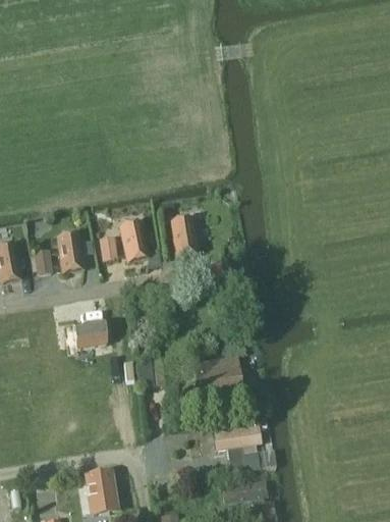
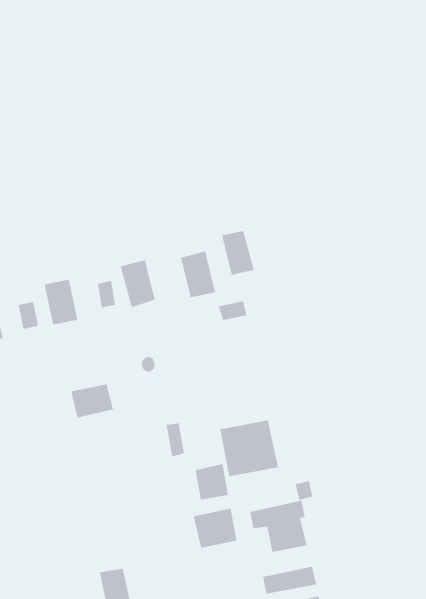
building: none -> [222,230,254,276]
building: none -> [195,463,229,501]
building: none -> [193,508,237,549]

